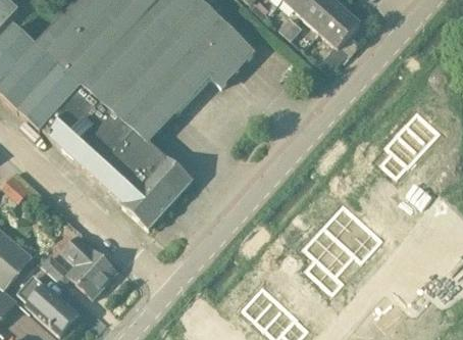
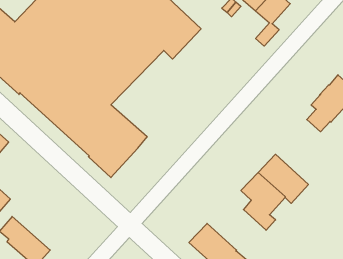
building: [41,235,115,297] -> none

